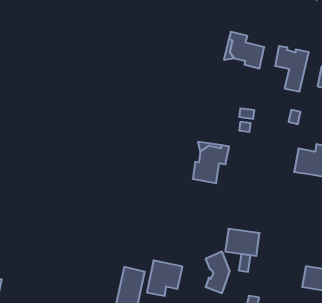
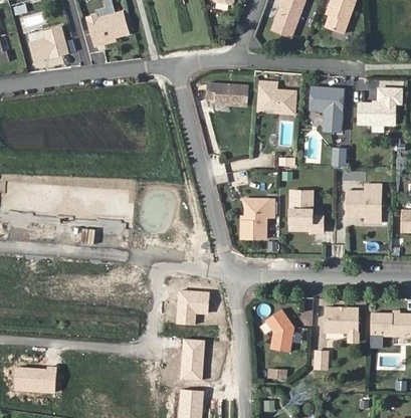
building: none -> [206,82,249,106]
building: none -> [291,191,324,233]
building: [225,229,260,256] -> [326,307,359,332]
building: [147,260,182,296] -> [177,291,210,327]

